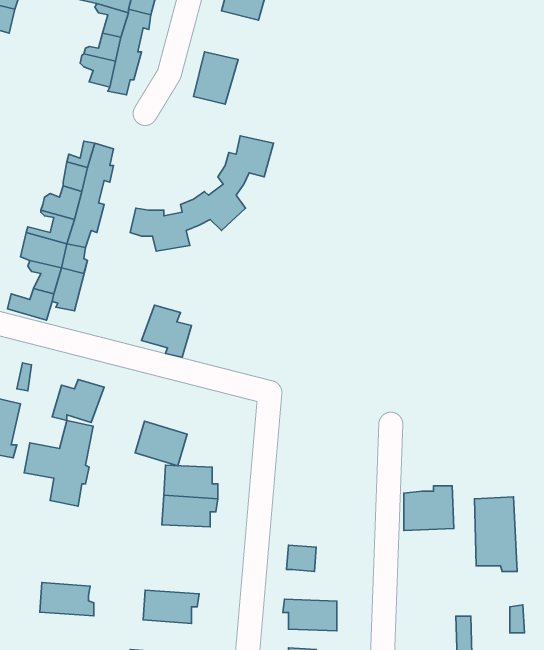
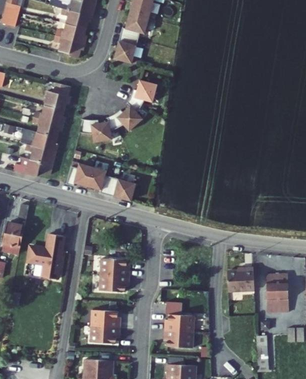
building: none -> [121,13,150,39]
building: [52,380,104,422] -> [66,167,94,190]
building: [135,421,187,466] -> [109,182,137,206]
building: none -> [164,313,193,330]
building: [40,582,94,616] -> [89,308,118,326]

